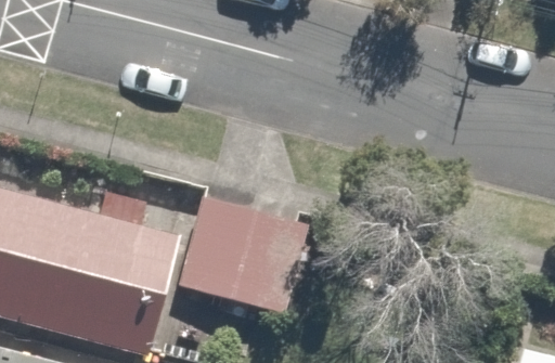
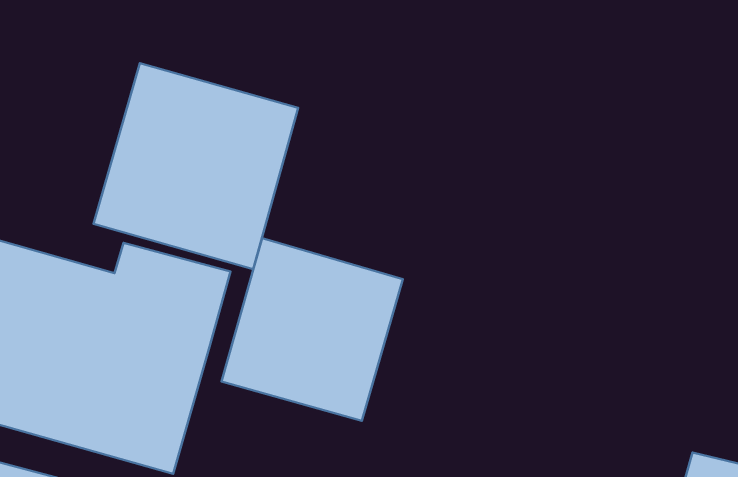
building: none -> [94,63,298,269]

